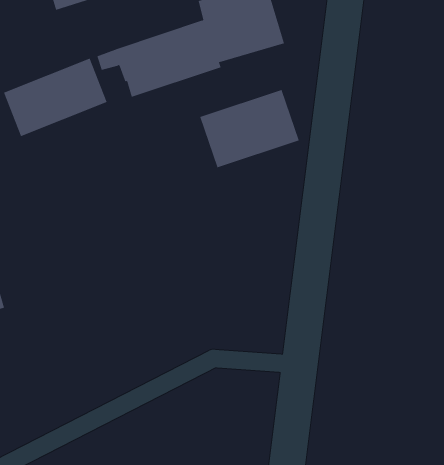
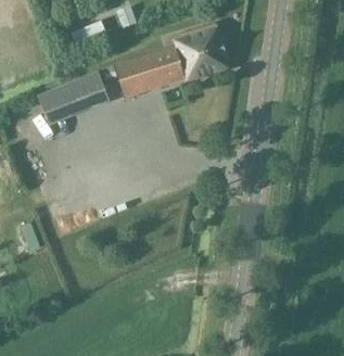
building: [200,89,299,168] -> none

